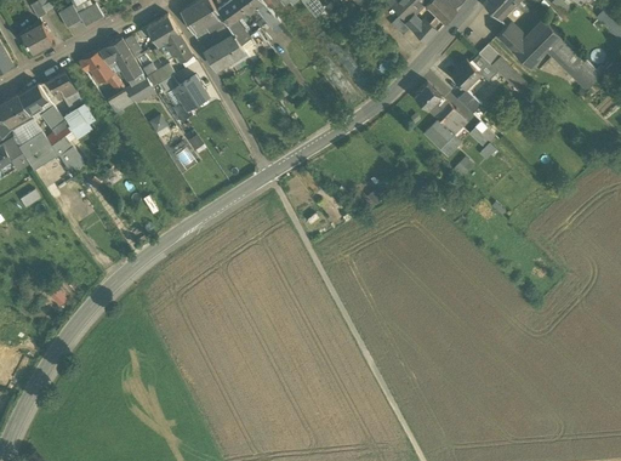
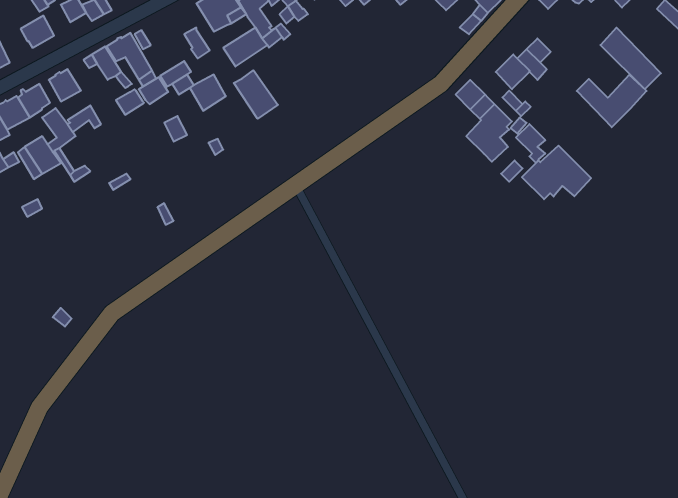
building: [146,15,180,46] -> none
building: [496,19,559,67] -> [577,75,647,127]
building: none -> [234,70,278,119]
building: none -> [522,146,591,199]

